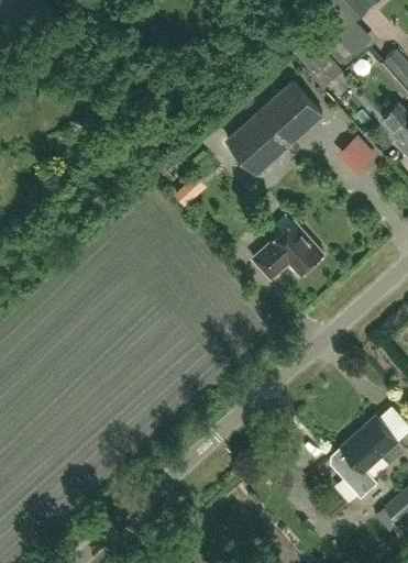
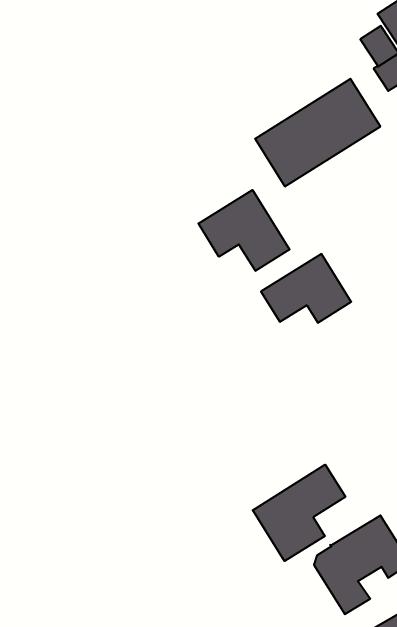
building: none -> [198,190,290,271]
building: none -> [253,465,345,561]

